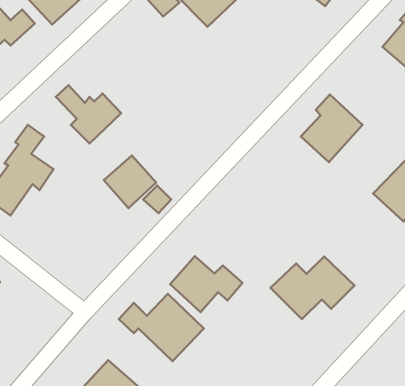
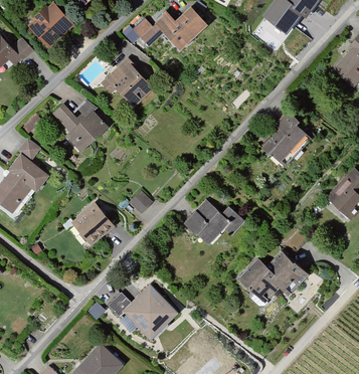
building: none -> [100,59,154,108]
building: [104,156,156,208] -> [70,201,116,246]
building: [170,256,243,312] -> [184,199,246,247]

